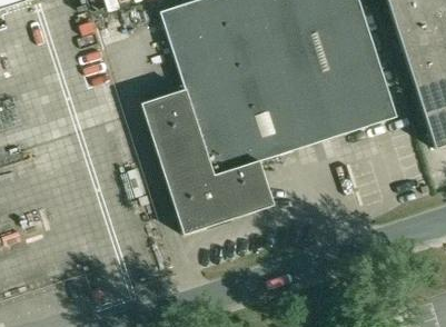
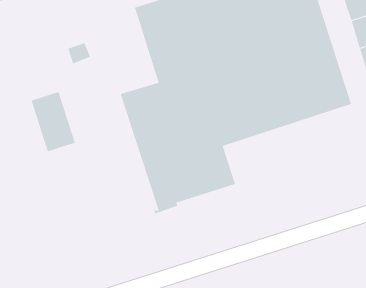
building: none -> [31,91,76,152]

